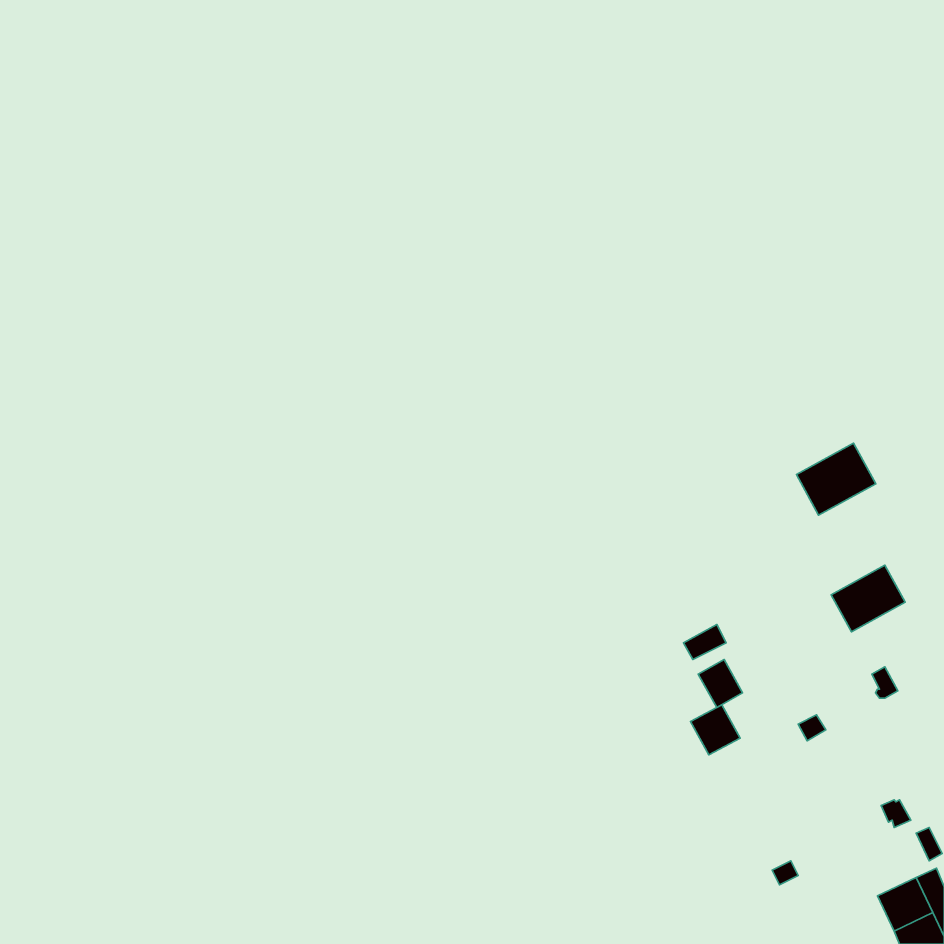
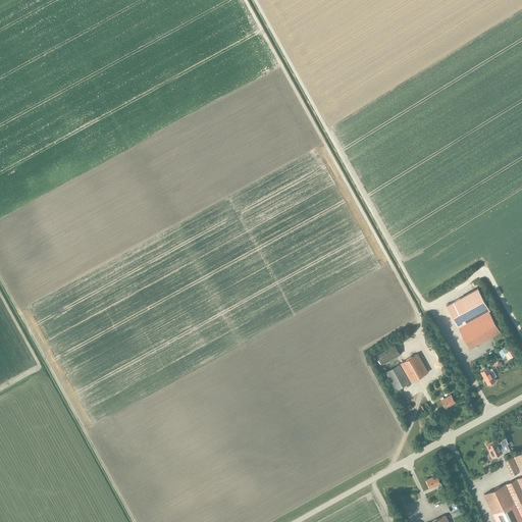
building: [796,443,876,515] -> [447,289,490,328]
building: [690,705,740,755] -> [401,354,428,381]

